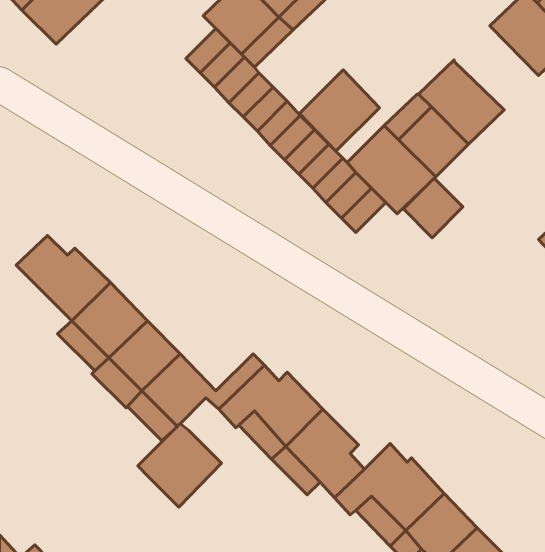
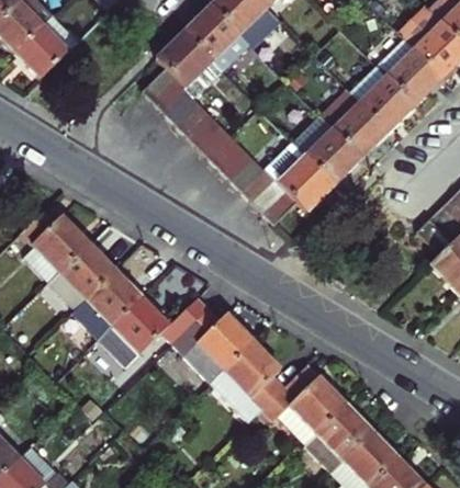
building: none -> [357,58,422,123]
building: [300,70,380,151] -> none
building: [403,178,463,238] -> none
building: [138,424,222,507] -> none

